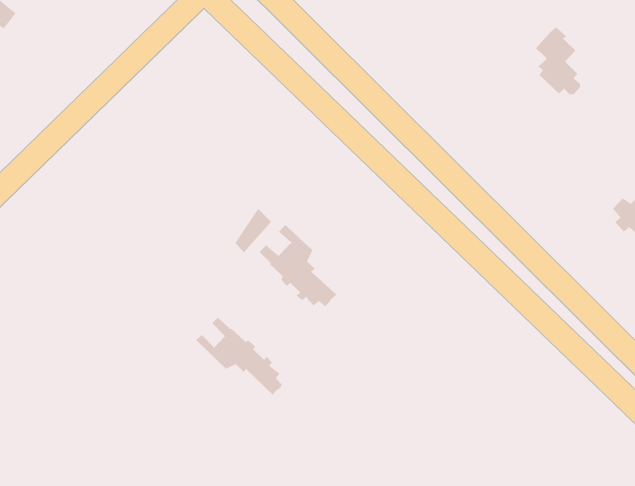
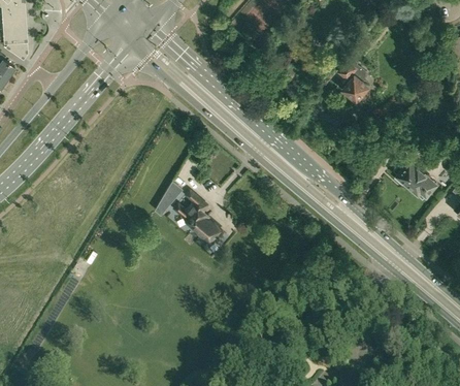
building: [195,317,283,396] -> none

